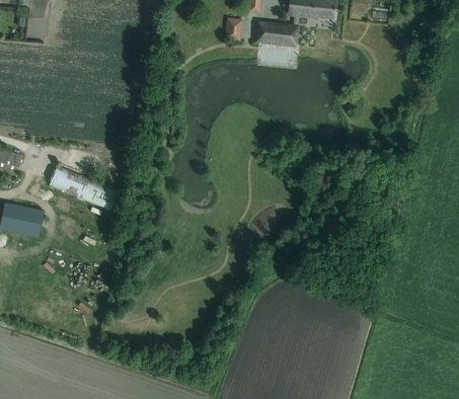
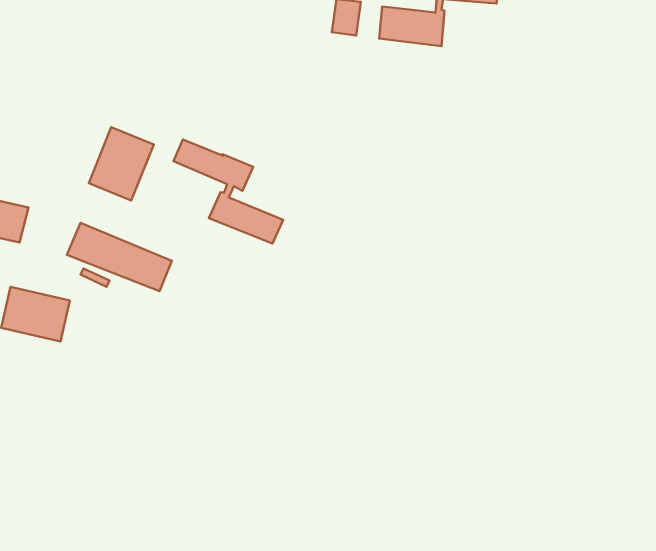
building: none -> [89,127,154,200]
building: none -> [174,139,283,244]

